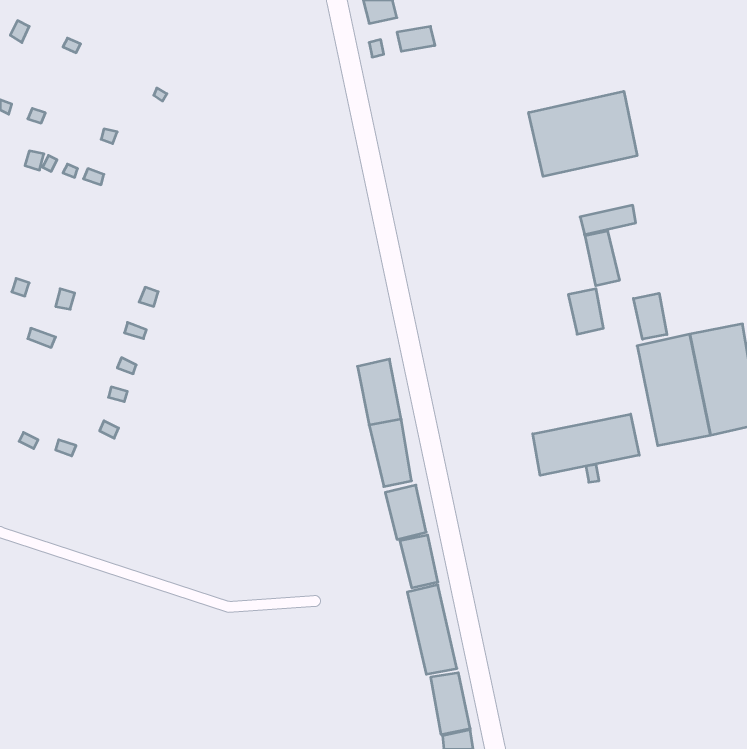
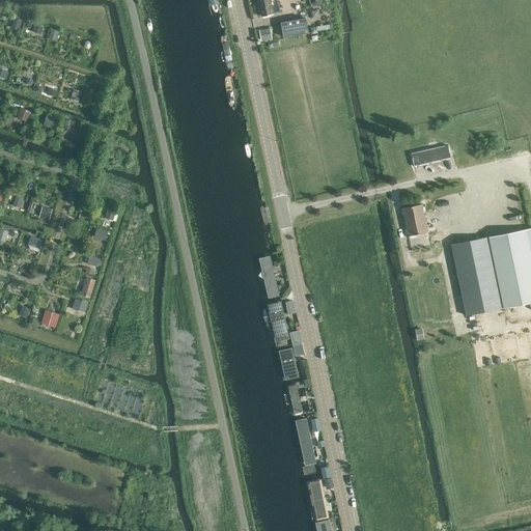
building: [529,91,637,176] -> none
building: [585,231,619,286] -> none
building: [633,293,667,339] -> none
building: [533,414,639,475] -> none

